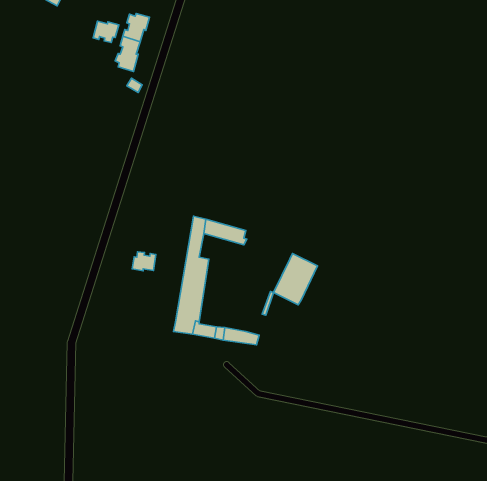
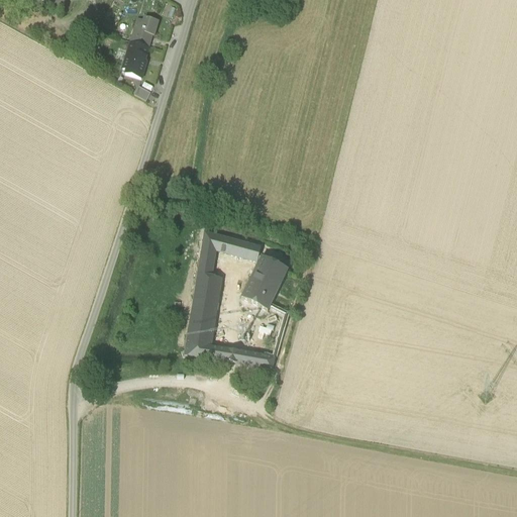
building: [93,21,119,43] -> none
building: [132,252,156,271] -> none
building: [274,253,317,305] -> [241,253,288,308]

